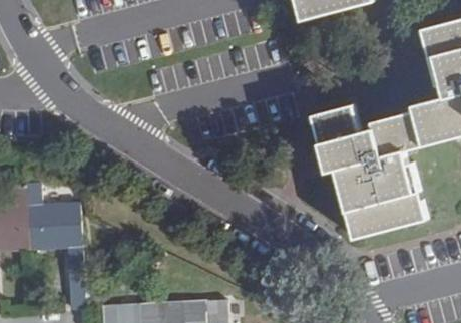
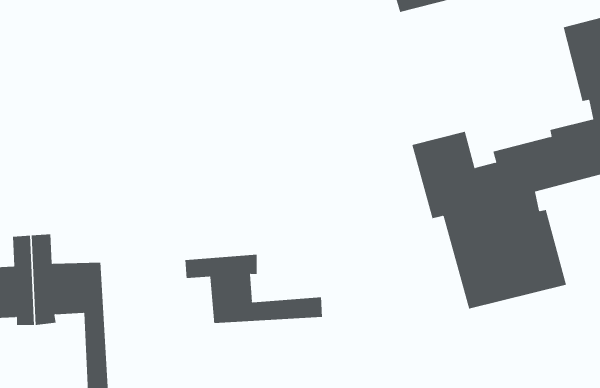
building: none -> [185,254,323,324]

